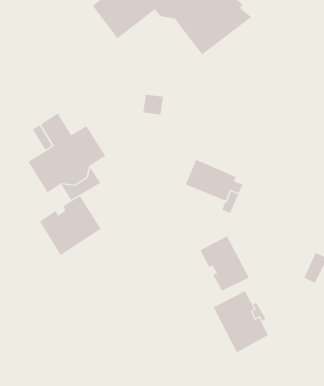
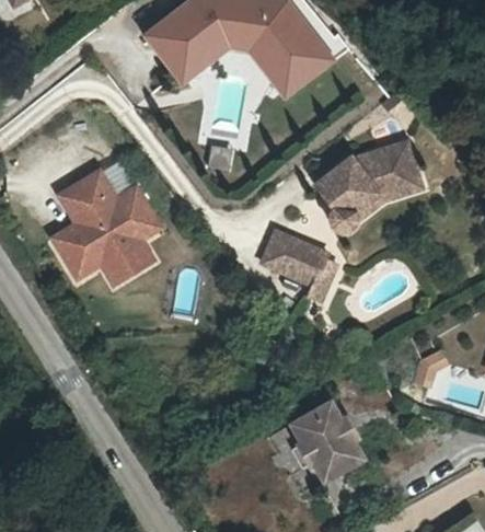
building: none -> [314,138,435,233]
building: [39,195,102,256] -> none
building: [200,236,250,292] -> none

